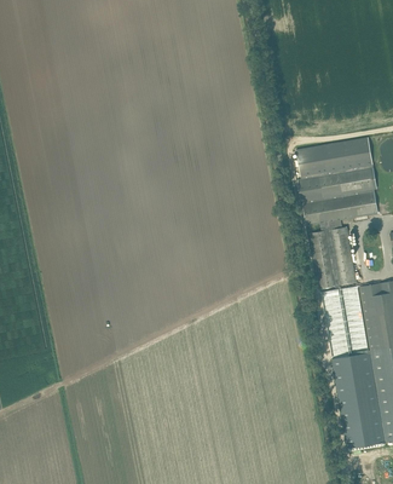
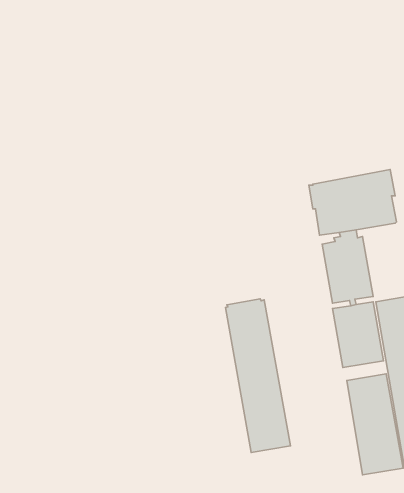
building: [294,137,372,178] -> none
building: none -> [226,299,290,453]

